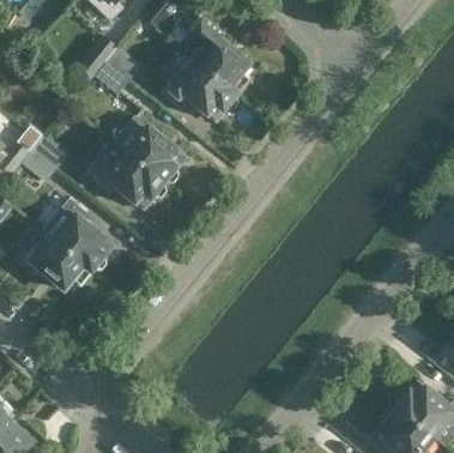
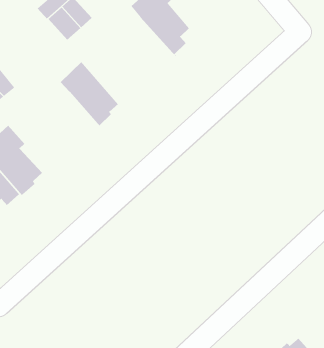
building: [164,58,238,119] -> none
building: [89,151,167,206] -> none

